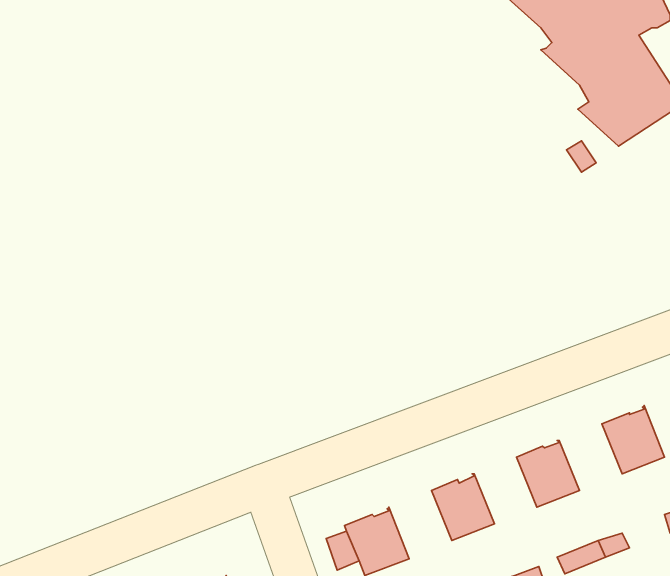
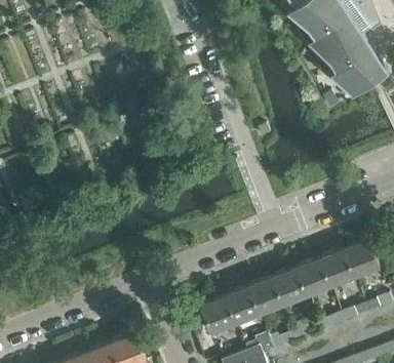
building: none -> [319,249,354,286]
building: none -> [272,268,307,305]
building: none -> [225,286,260,324]

